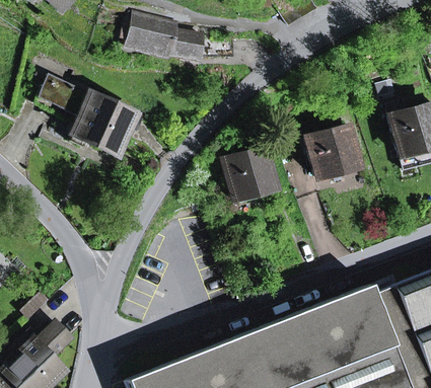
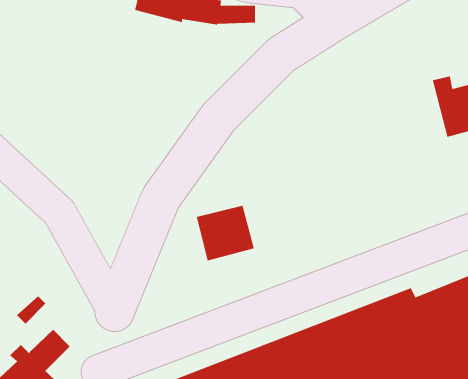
building: [37,74,136,156] -> none
building: [306,128,358,177] -> none
building: [223,150,275,200] -> [196,205,255,262]

